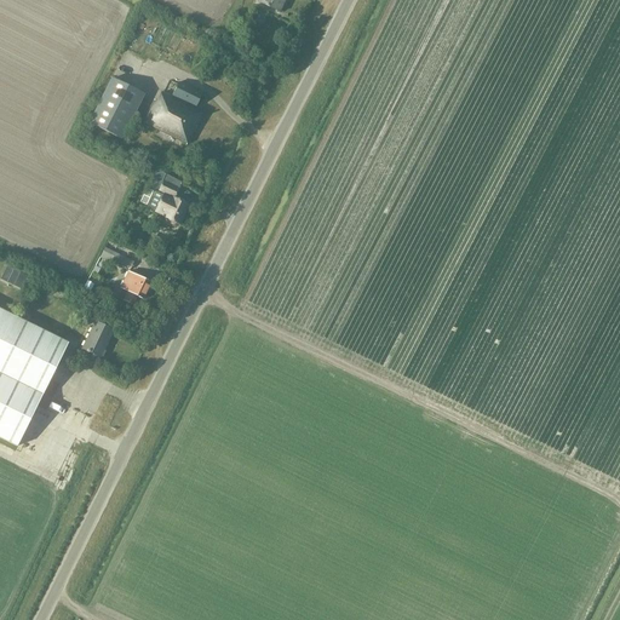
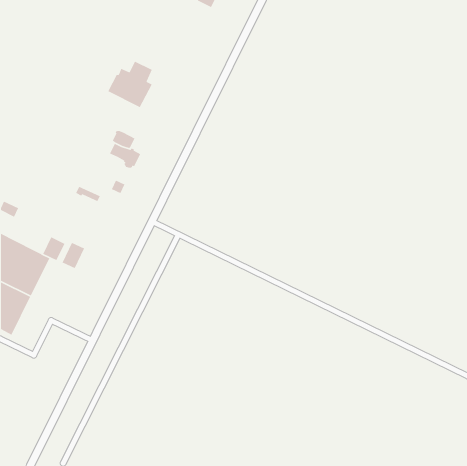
building: [88,75,145,138] -> none
building: [120,269,151,303] -> none
building: none -> [42,236,65,261]

